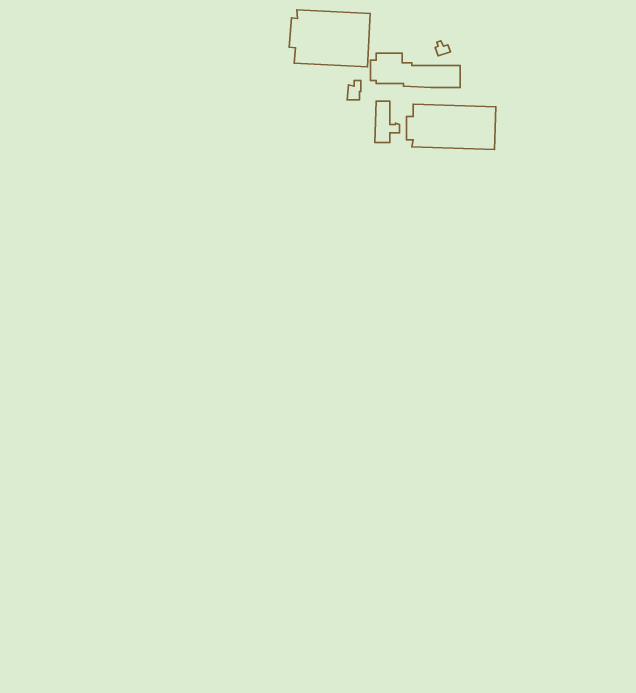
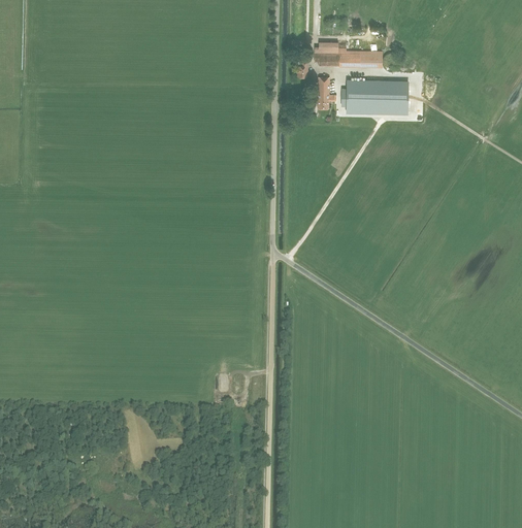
building: [289,10,370,67] -> none

